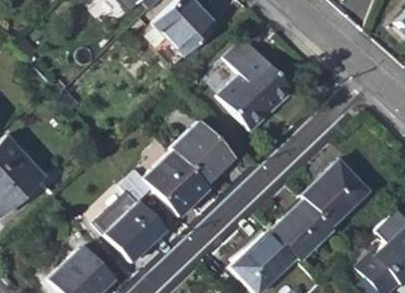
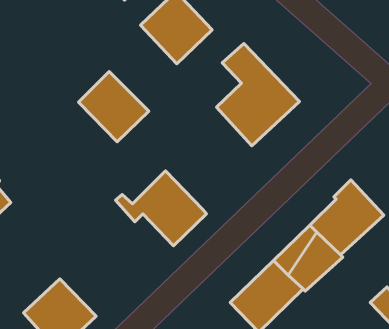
building: [174,123,236,186] -> [78,71,149,142]
building: [97,178,167,263] -> none

